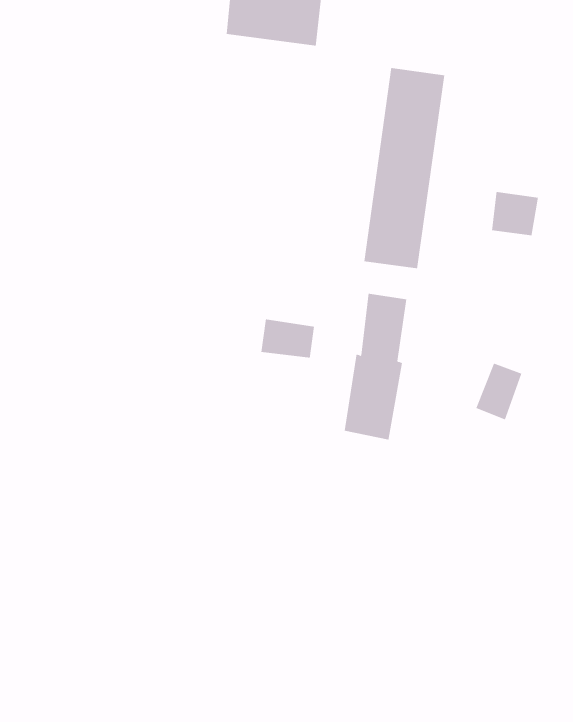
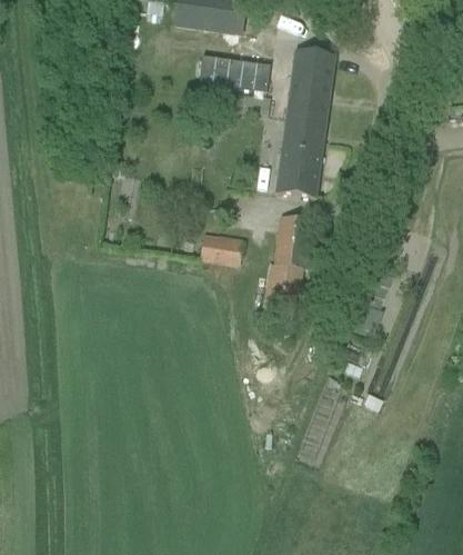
building: none -> [198,54,270,91]
building: [492,191,538,236] -> none

